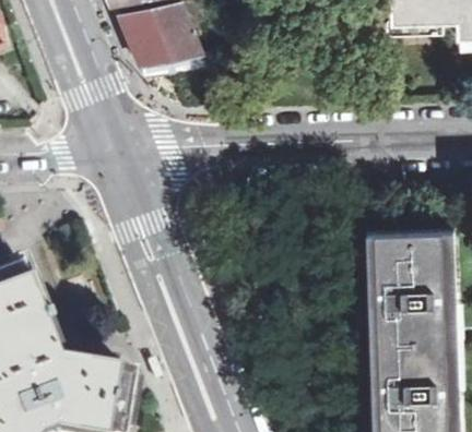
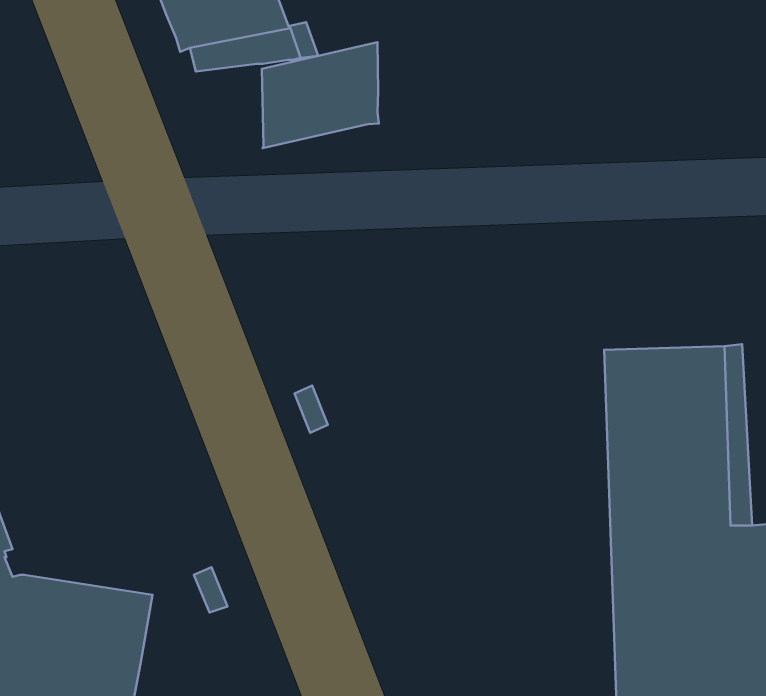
building: none -> [262,42,379,148]

